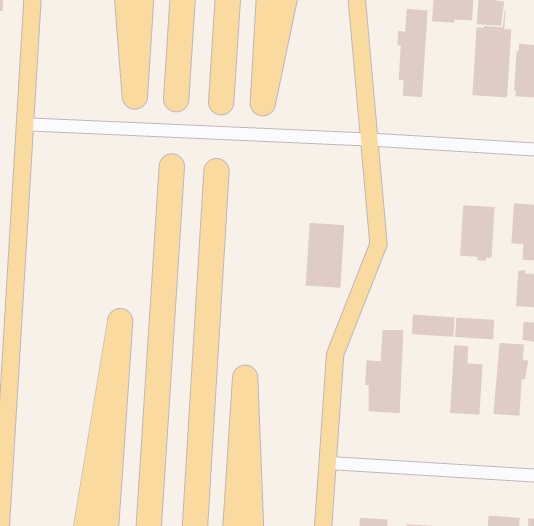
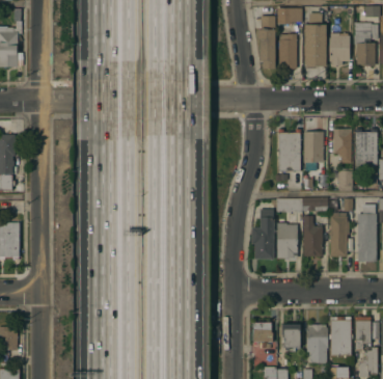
building: none -> [277,33,297,69]
building: [305,222,345,289] -> [278,133,300,171]
building: none -> [277,223,297,259]

